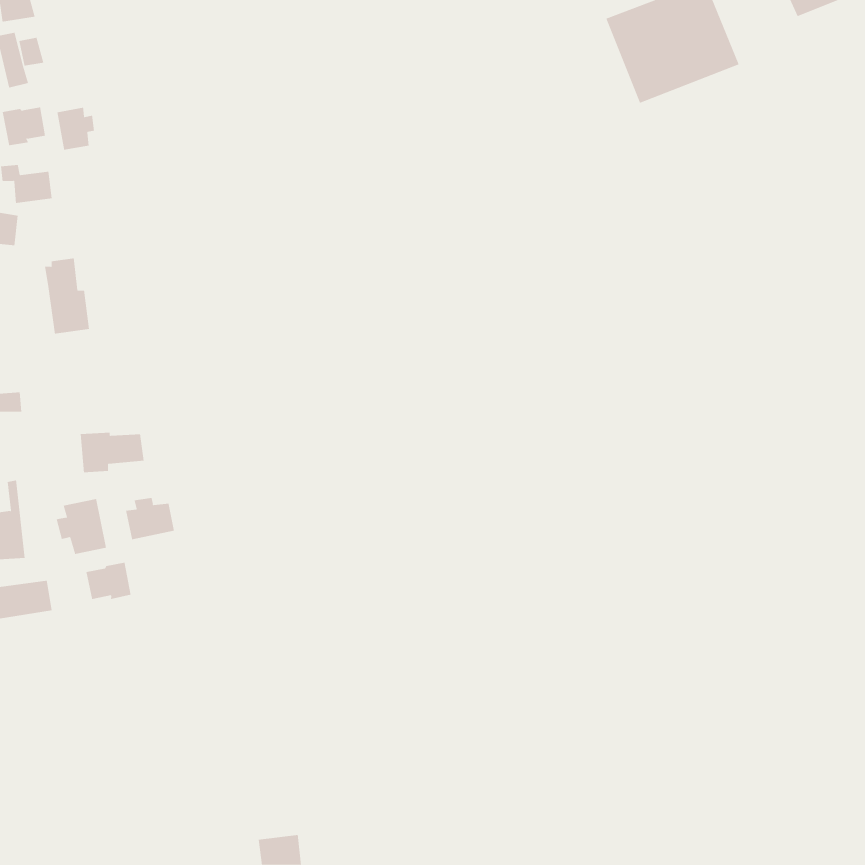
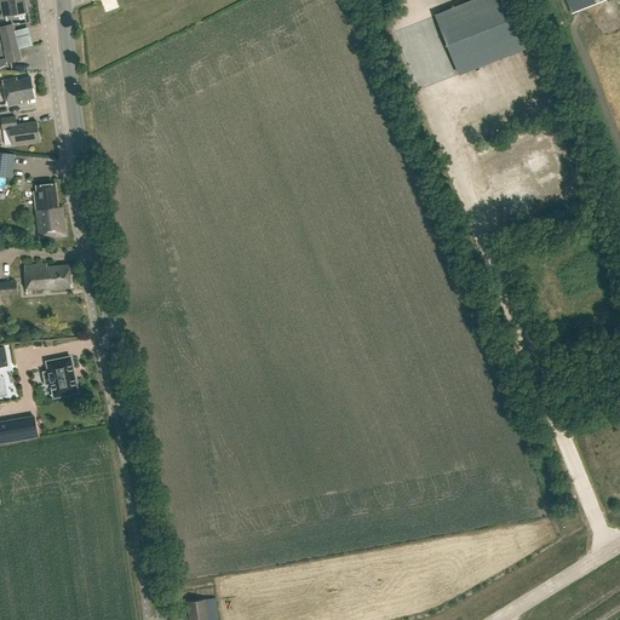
building: [57,107,95,151] -> none
building: [80,432,144,473] -> [23,264,69,293]
building: [125,497,175,540] -> none
building: [86,562,131,600] -> none

